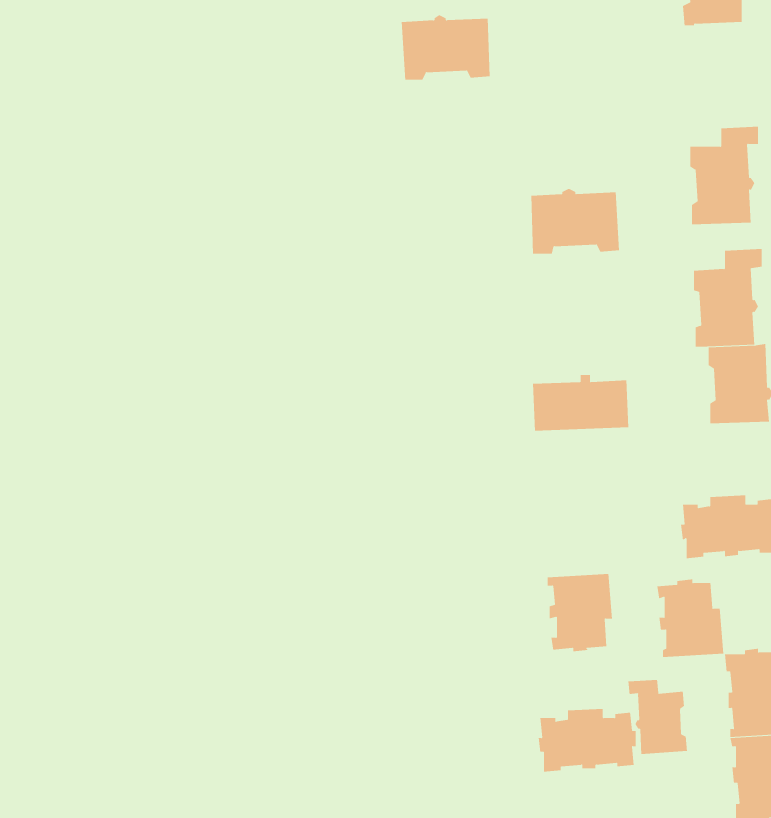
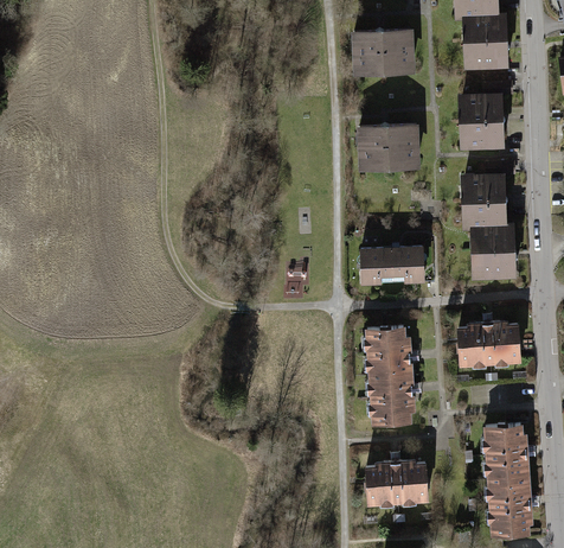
building: [401,14,490,80] -> [353,28,411,71]
building: none -> [466,14,508,66]
building: [657,579,724,657] -> [366,325,410,376]
building: [628,679,688,755] -> none

